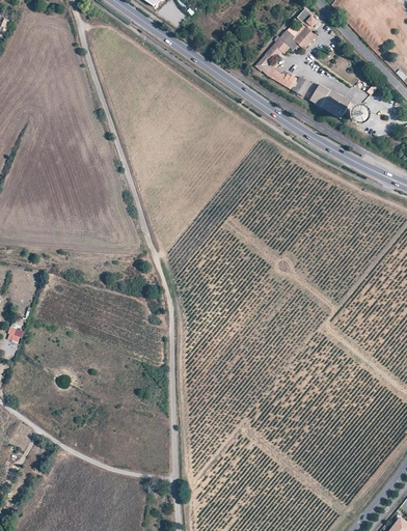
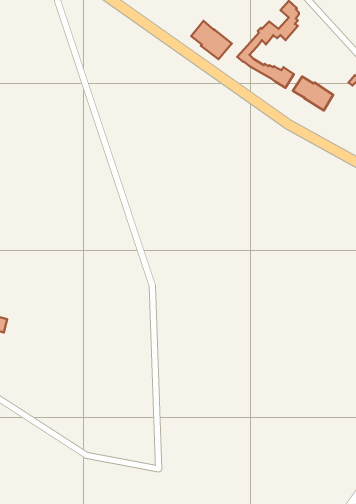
building: none -> [191,21,232,59]

